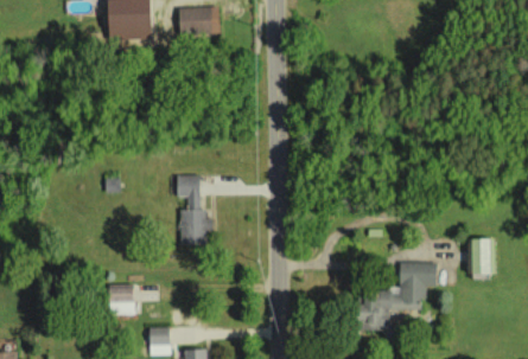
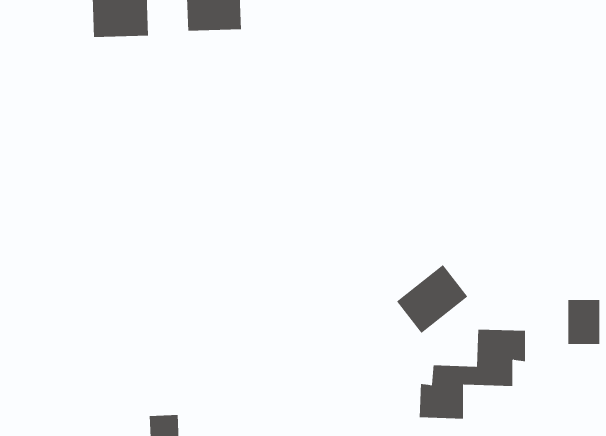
building: [177,174,212,246] -> none
building: none -> [396,264,468,334]
building: [108,284,135,314] -> none

